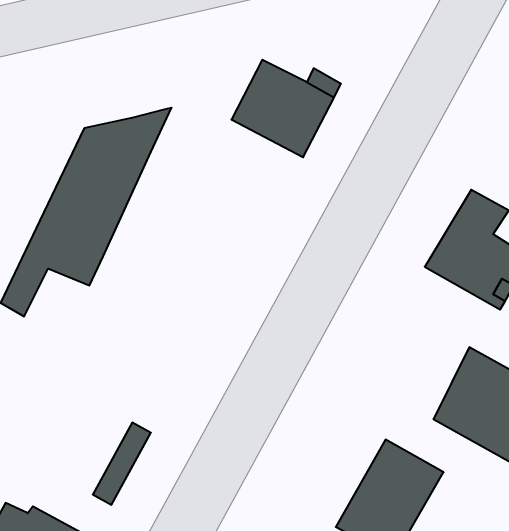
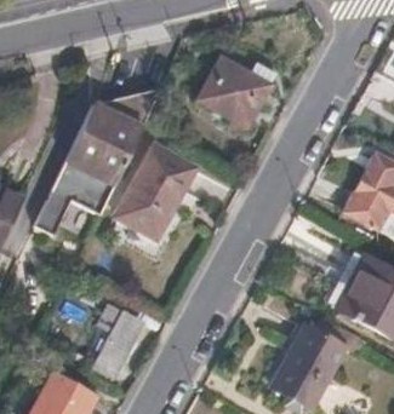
building: none -> [116,146,193,241]

